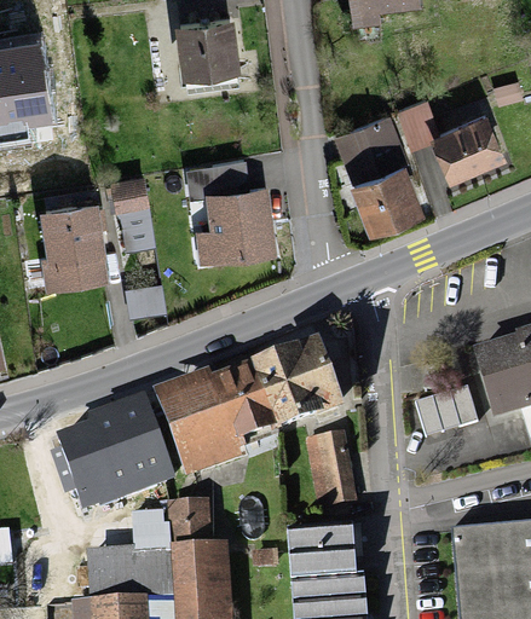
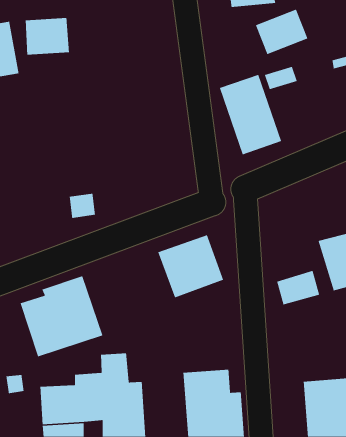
building: [178,27,241,80] -> [25,17,70,55]
building: [428,118,503,184] -> [255,8,309,55]
building: [186,158,276,258] -> none
building: [111,175,155,248] -> none
building: [39,191,109,285] -> none
building: [156,359,273,474] -> none
building: [307,439,351,508] -> none

